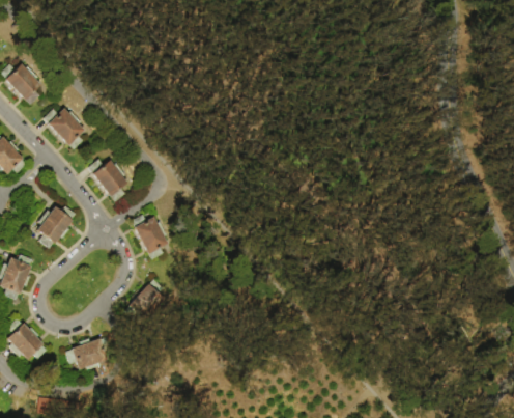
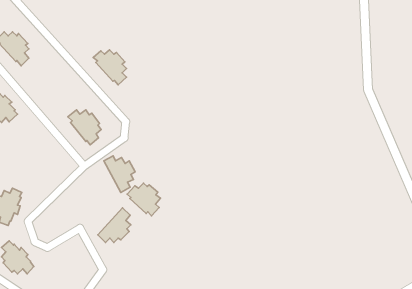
building: [44,108,84,150] -> [93,50,127,85]
building: [37,206,76,249] -> none
building: none -> [127,183,160,216]
building: [66,337,111,371] -> none

